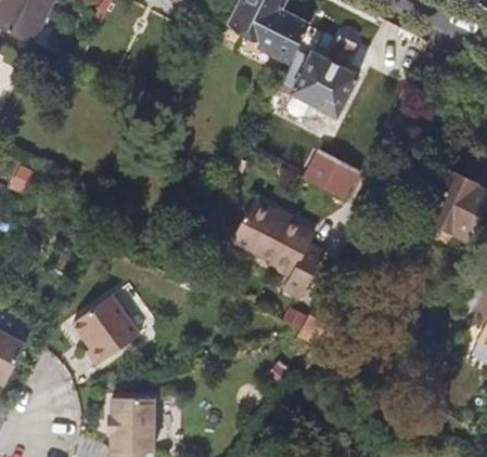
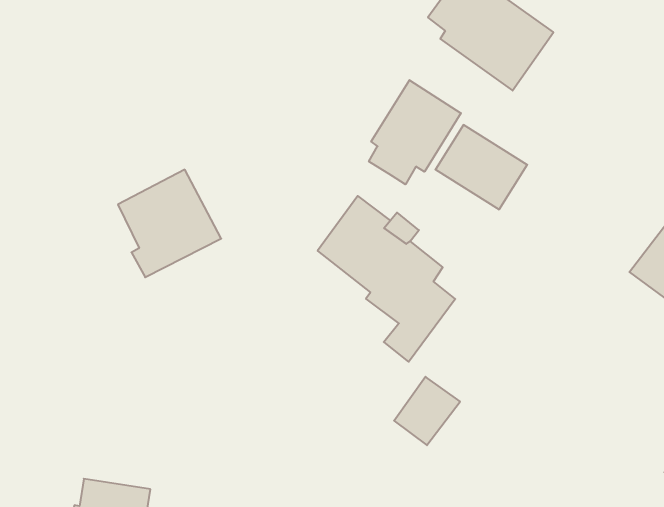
building: none -> [369,80,461,184]
building: [72,297,139,367] -> [118,170,221,277]

